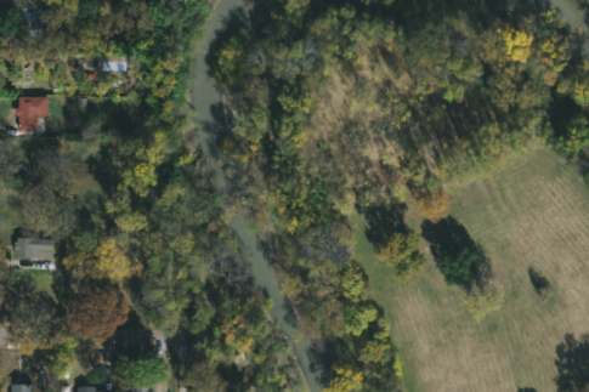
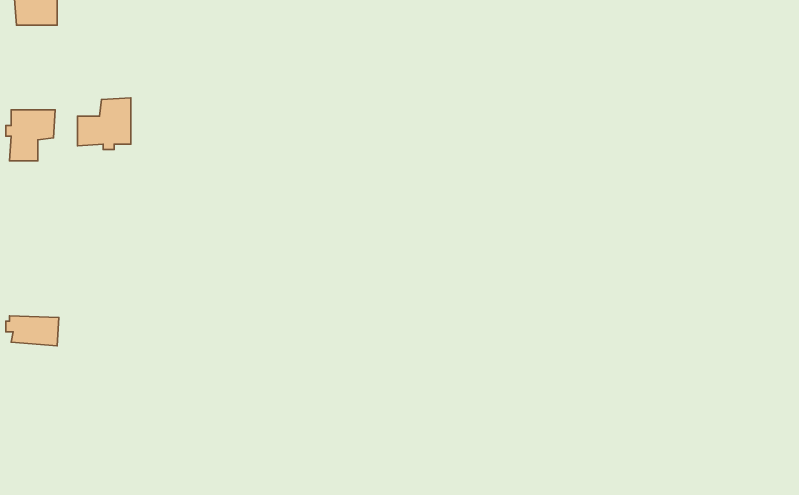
building: none -> [77,98,131,150]

